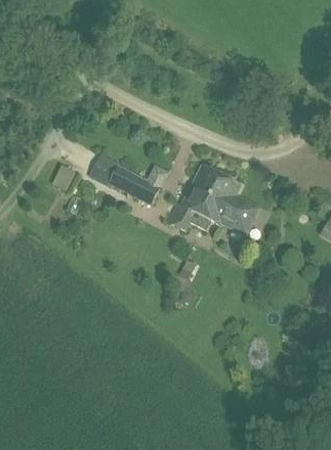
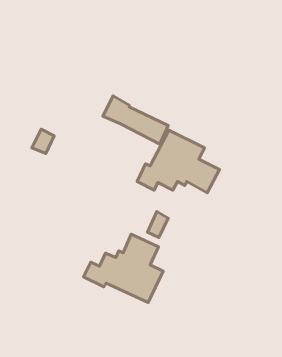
building: [89,152,161,206] -> [103,96,168,144]
building: none -> [84,234,163,302]

